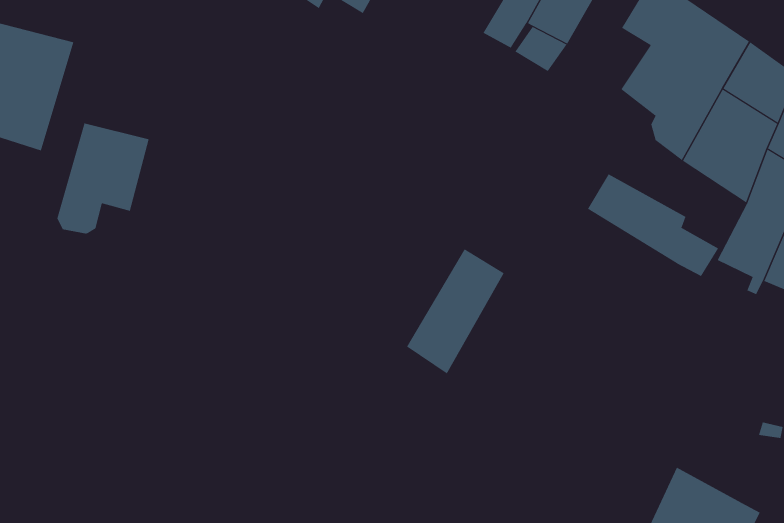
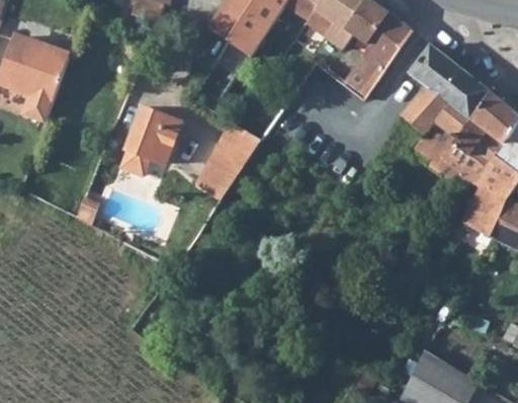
building: [57,123,149,234] -> [118,103,180,173]
building: [587,173,719,277] -> none
building: [406,249,505,374] -> [190,123,255,200]

